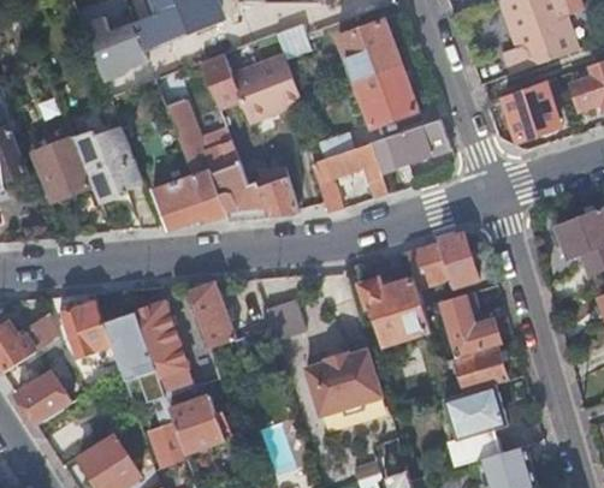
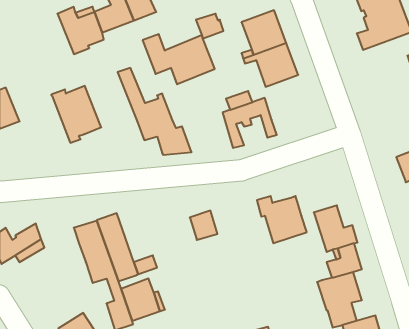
building: [503,79,561,138] -> none
building: [371,117,451,171] -> none
building: [30,138,91,203] -> none
building: [153,174,227,226] -> none
building: [255,177,298,216] -> none
building: [405,232,476,286] -> none
building: [189,281,236,350] -> none
building: [63,302,111,355] -> none
building: [306,347,384,413] -> none
building: [17,371,70,425] -> none

